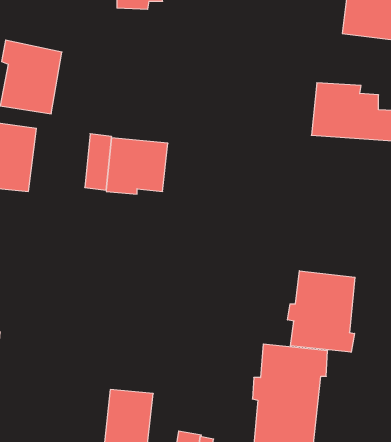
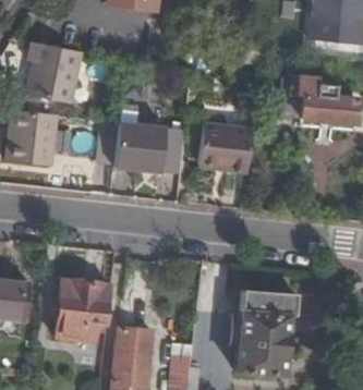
building: none -> [199,124,252,174]
building: none -> [160,127,187,173]
building: [288,271,355,352] -> none
building: none -> [55,279,112,342]

